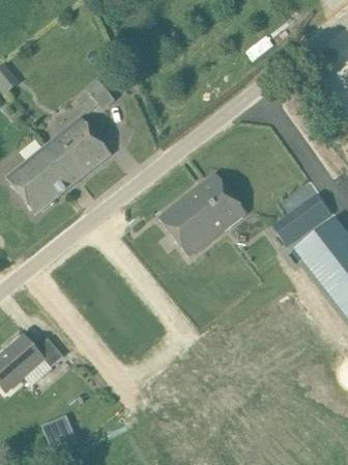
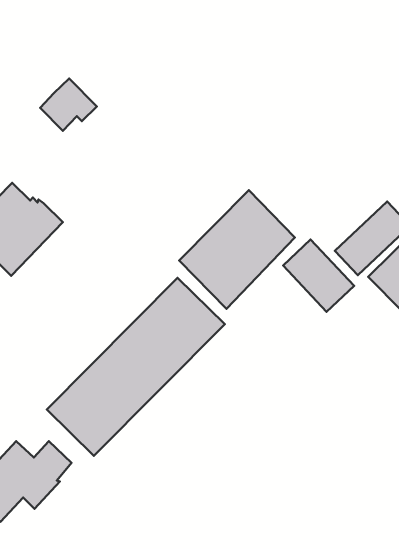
building: [46,115,110,179] -> none
building: none -> [283,240,354,312]
building: none -> [47,278,225,456]

